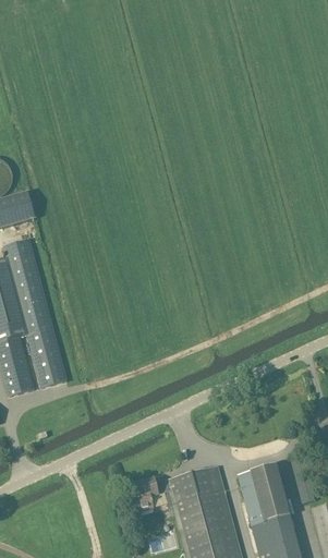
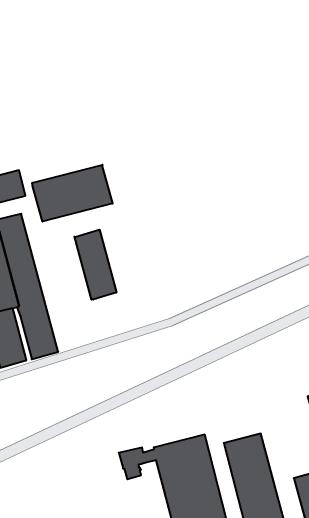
building: none -> [32,165,113,222]
building: none -> [74,230,116,300]

